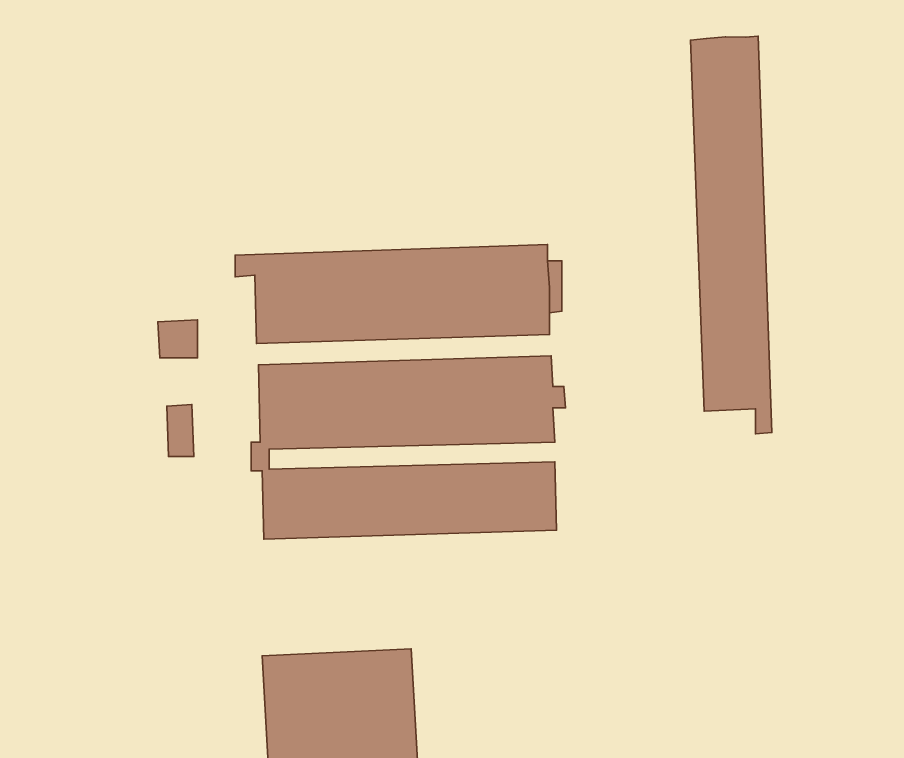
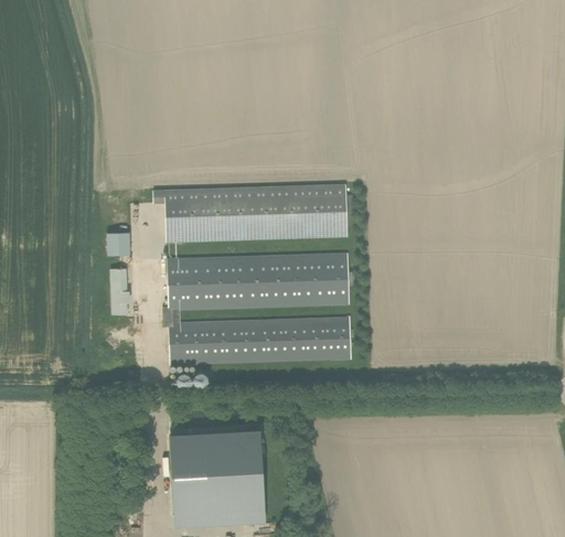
building: [690,36,772,434] -> none

